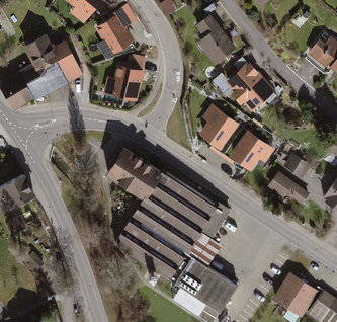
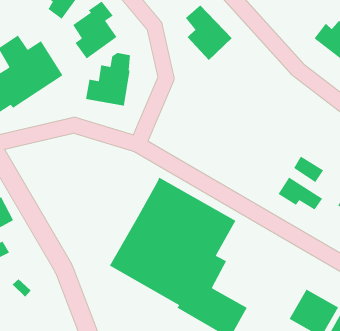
building: [225,63,275,113] -> none
building: [197,105,238,152] -> none
building: [228,131,275,174] -> none
building: [104,147,162,202] -> none

